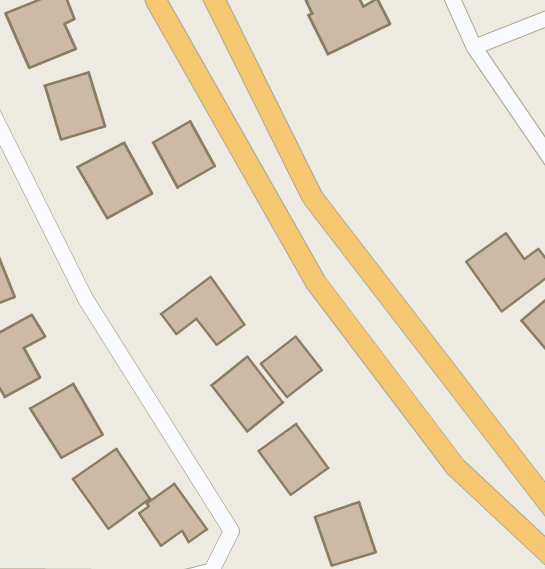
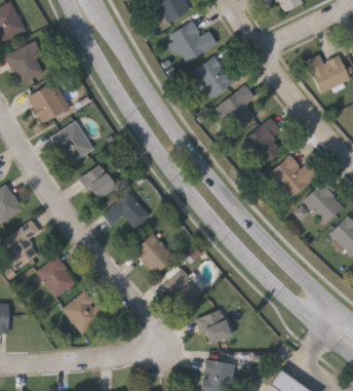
building: none -> [193,55,239,97]
building: none -> [218,84,256,131]
building: [153,121,215,188] -> [81,163,116,200]
building: none -> [243,117,282,164]
building: [261,337,322,397] -> none
building: [139,484,207,546] -> none

